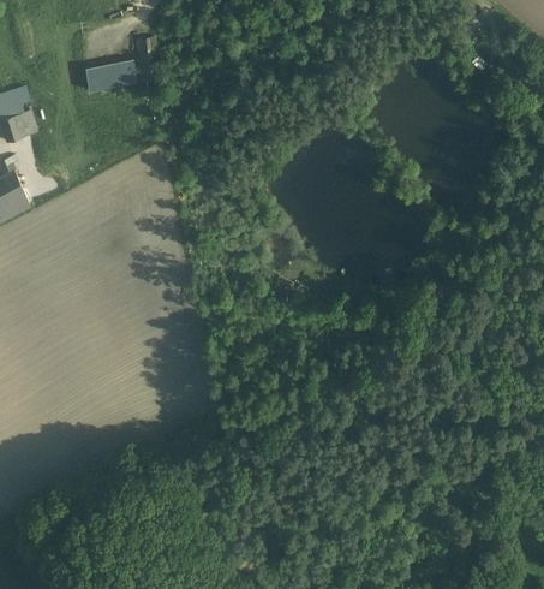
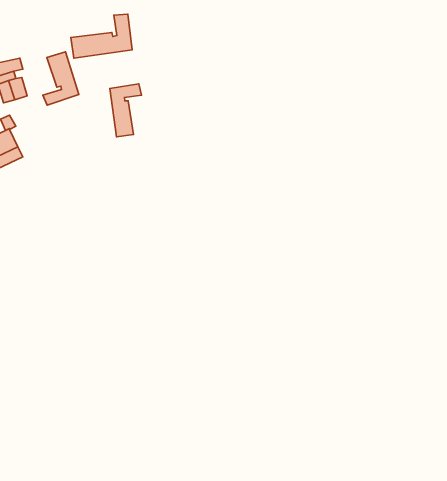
building: none -> [43,52,79,105]
building: none -> [110,84,141,137]

